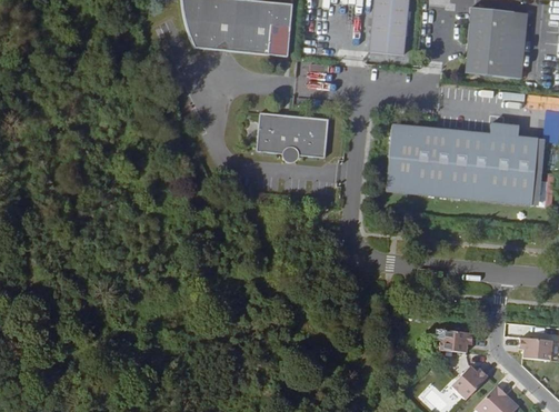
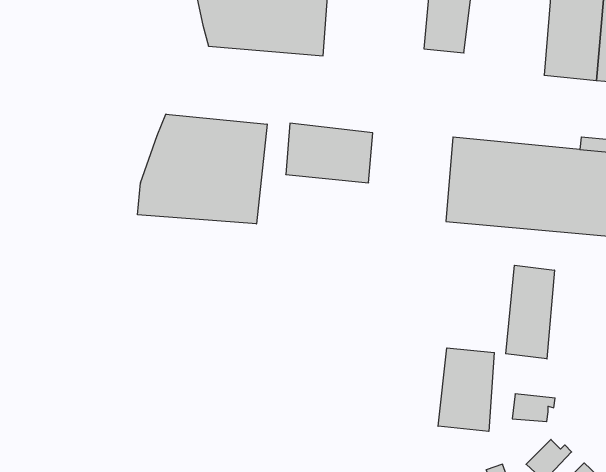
building: none -> [138,114,267,224]
building: none -> [506,265,554,359]
building: none -> [438,348,494,431]

